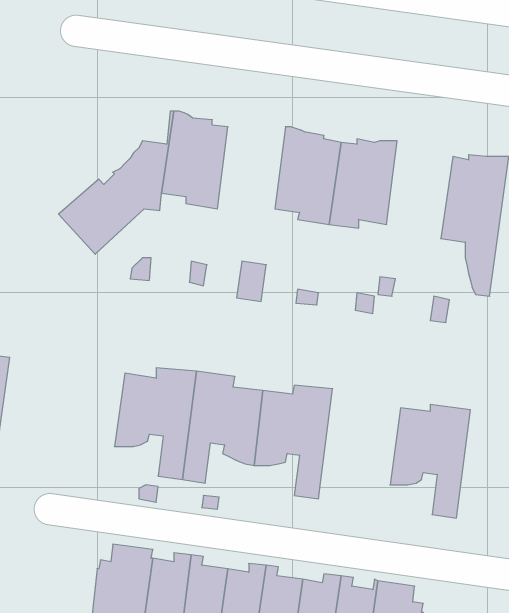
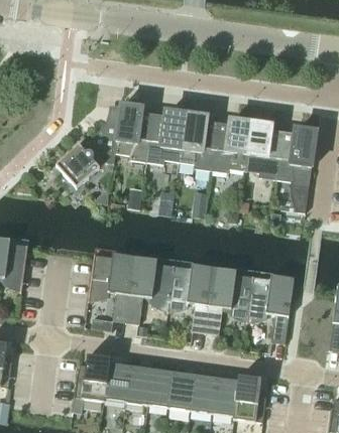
building: none -> [147,113,187,163]
building: none -> [245,122,284,178]
building: none -> [206,265,253,330]

